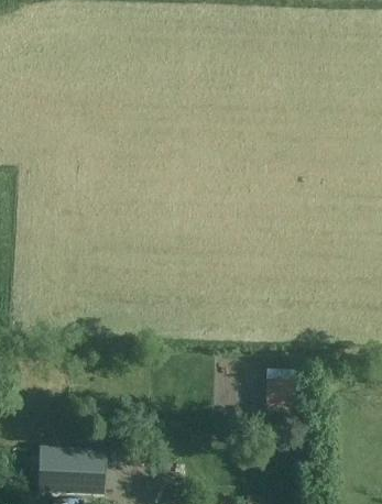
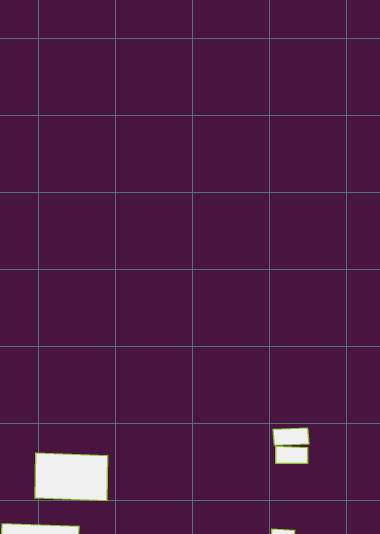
building: none -> [35,453,107,501]

